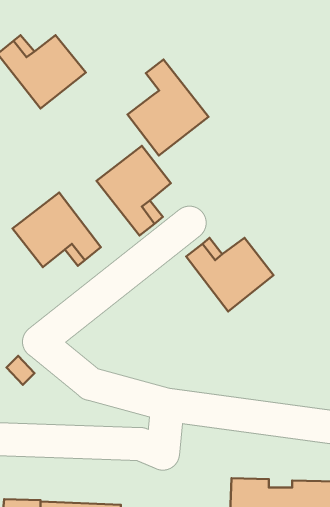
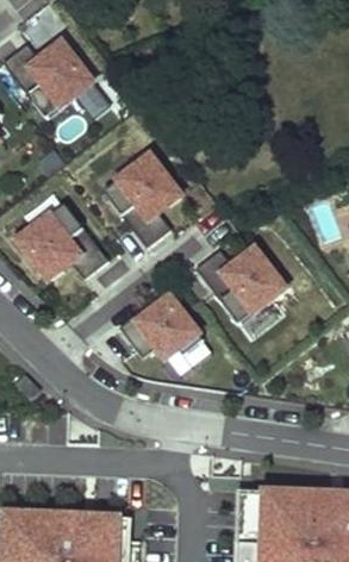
building: [127,60,209,156] -> none
building: none -> [120,295,205,356]

